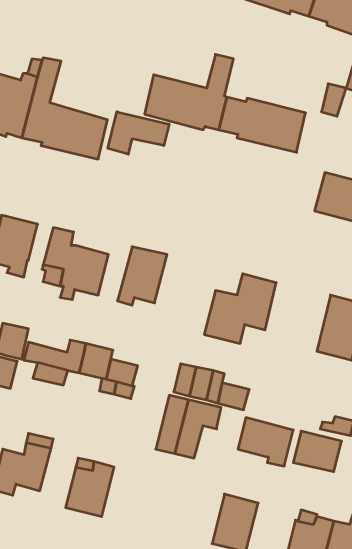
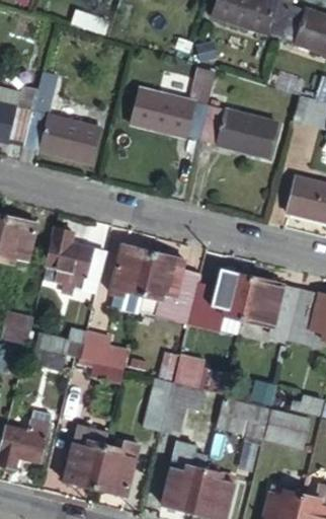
building: [108,112,169,154] -> none
building: none -> [138,250,198,322]
building: none -> [241,276,300,338]
building: none -> [94,439,140,495]
building: none -> [161,444,205,511]

